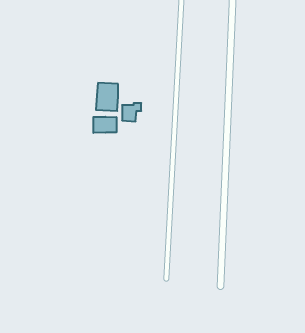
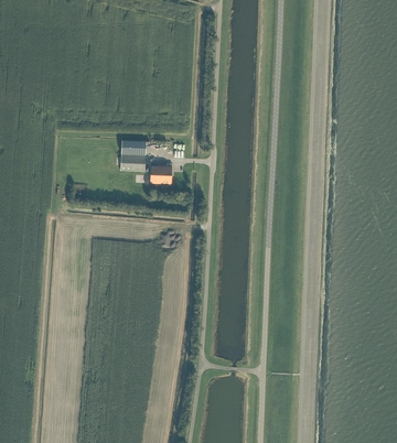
building: [93,117,116,133] -> none

